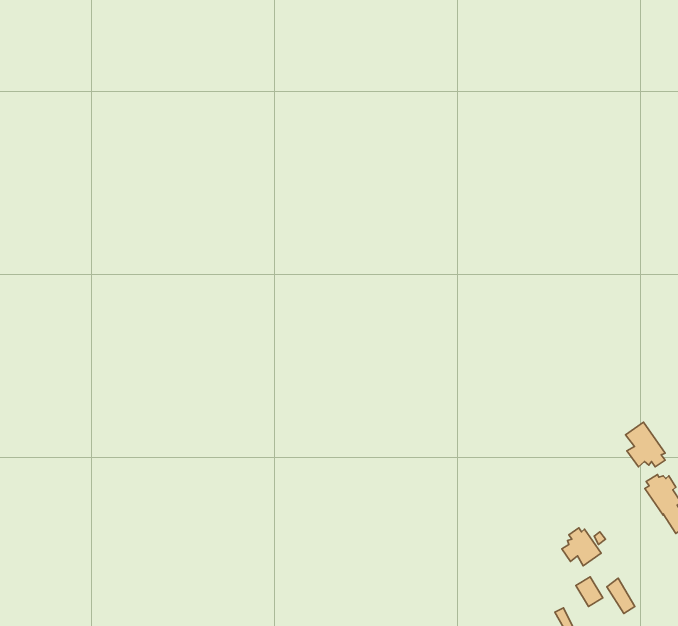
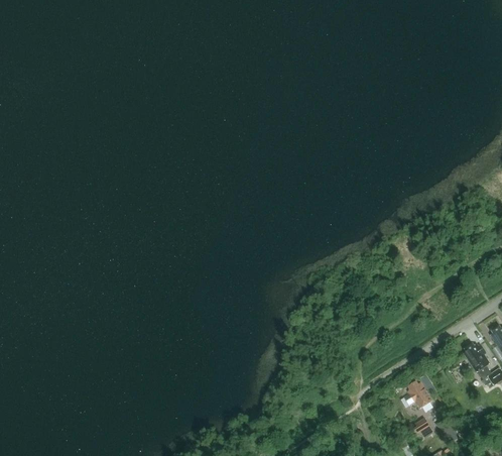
building: [625,422,665,467] -> none

